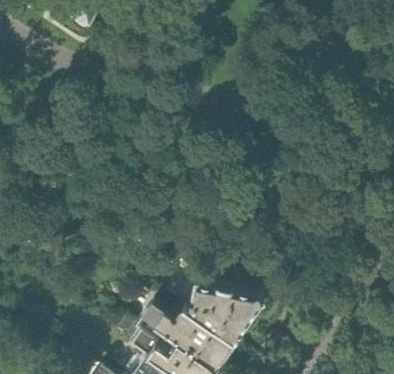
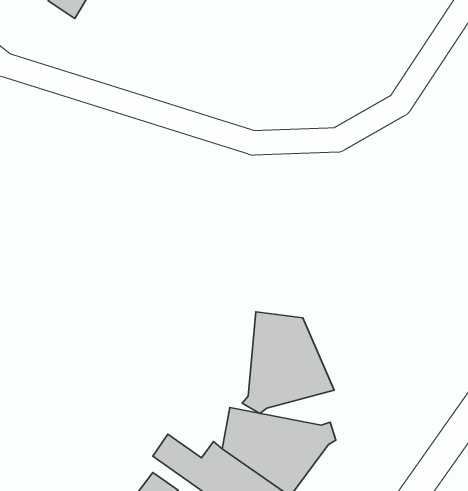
building: none -> [242,312,334,413]

